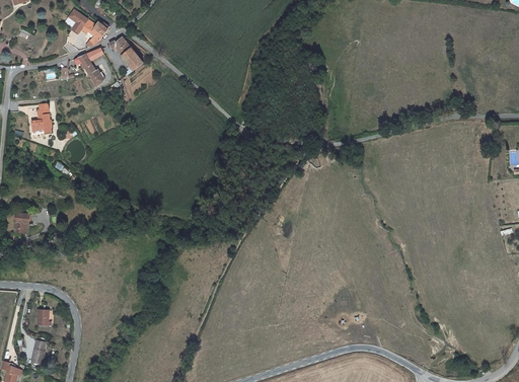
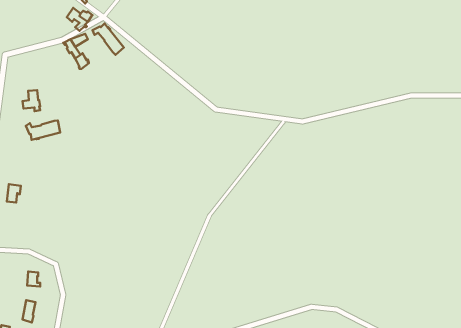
building: none -> [26,120,60,140]

